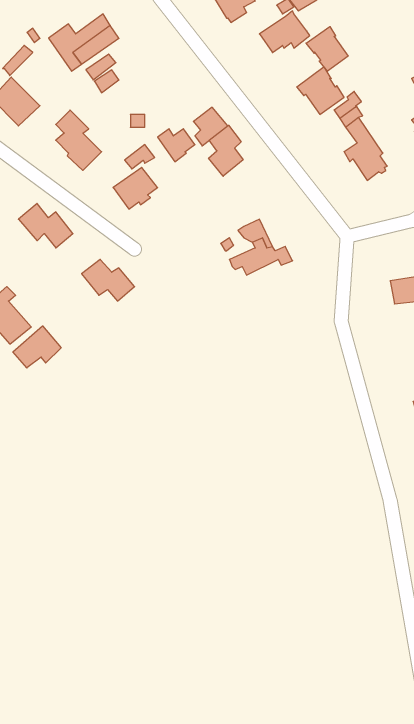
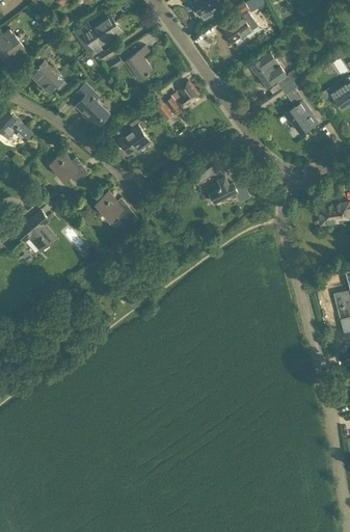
building: [306,27,348,71] -> none
building: none -> [126,47,153,80]
building: [209,125,243,176] -> none
building: [13,326,61,368] -> none

